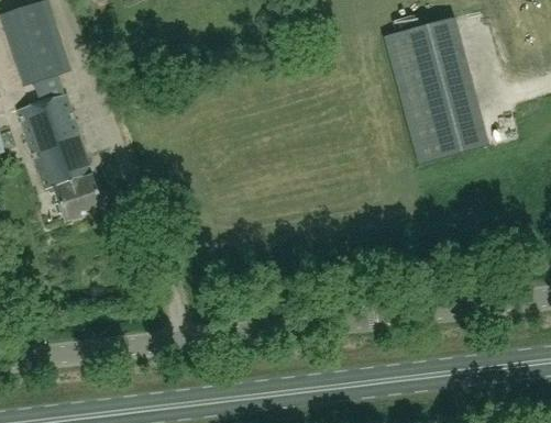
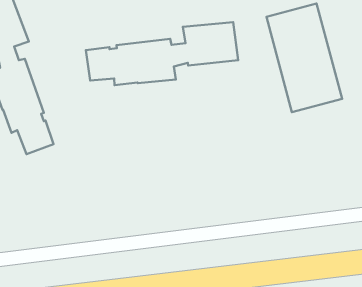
building: none -> [86,22,238,85]

